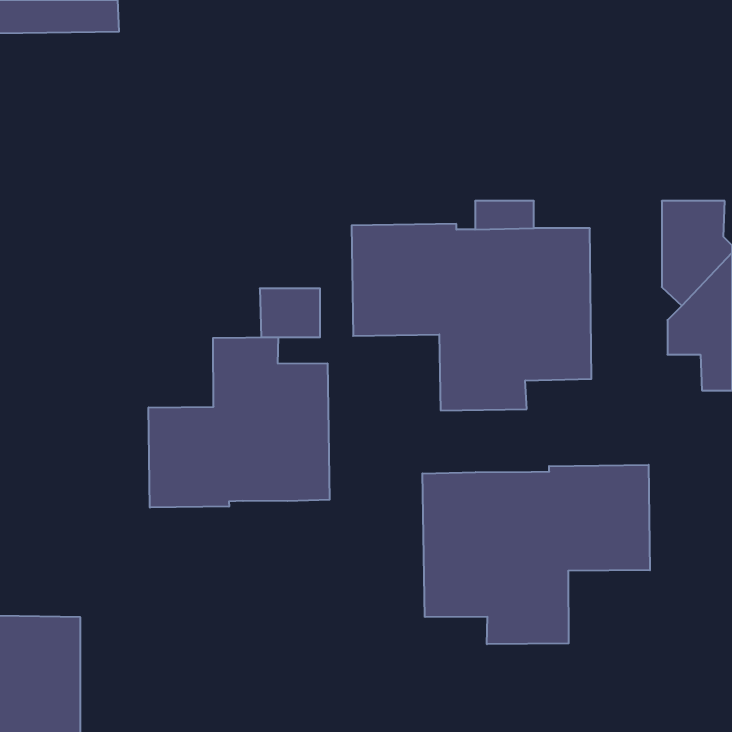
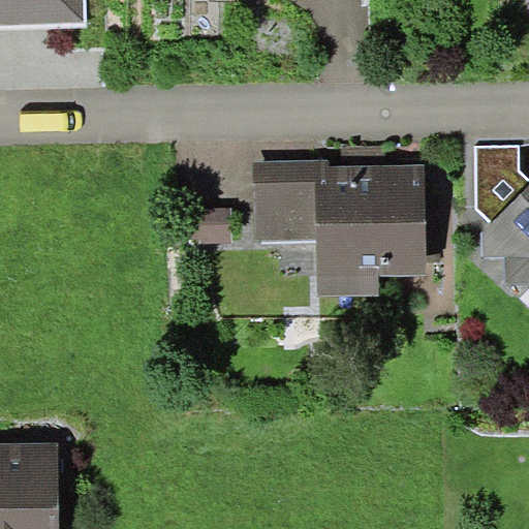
building: [149,337,330,508] -> none
building: [422,465,650,644] -> none

